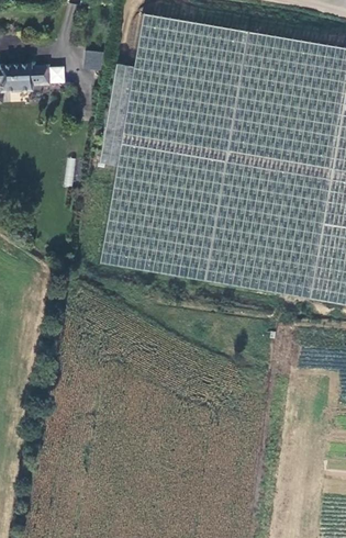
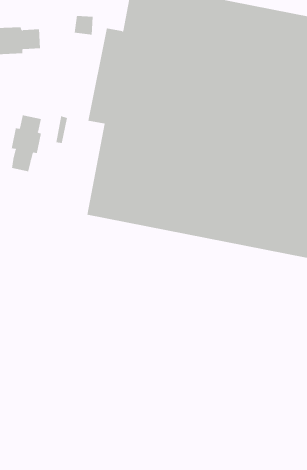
building: none -> [11,115,41,172]

